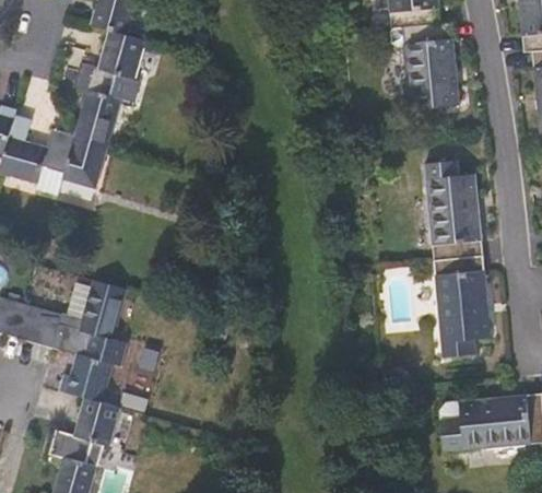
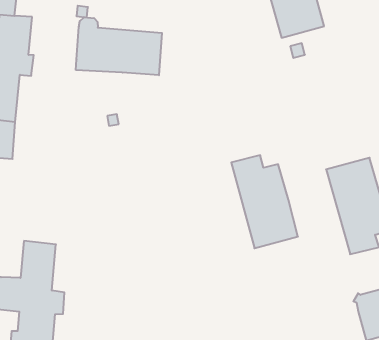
building: none -> [76,17,162,75]
building: [424,161,482,260] -> [231,155,298,248]

